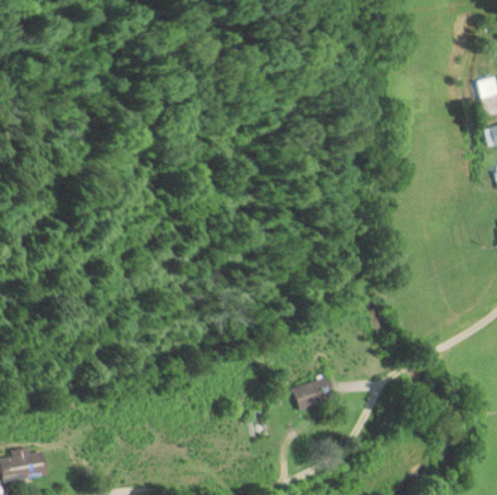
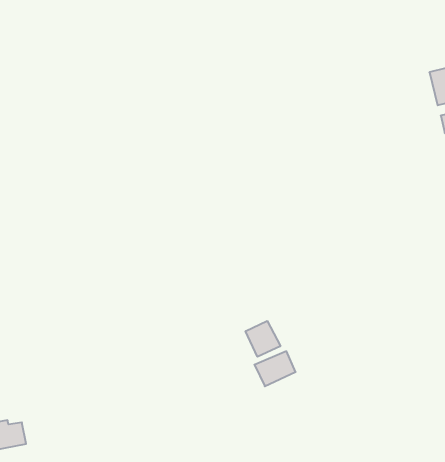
building: none -> [246,321,280,357]

